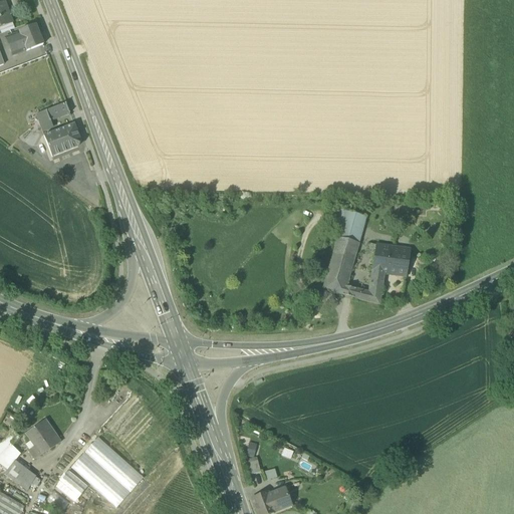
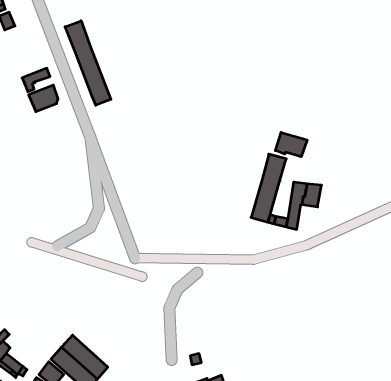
building: [19,23,43,49] -> none
building: none -> [65,21,111,105]
building: none -> [275,132,307,157]
building: [25,418,61,458] -> none

